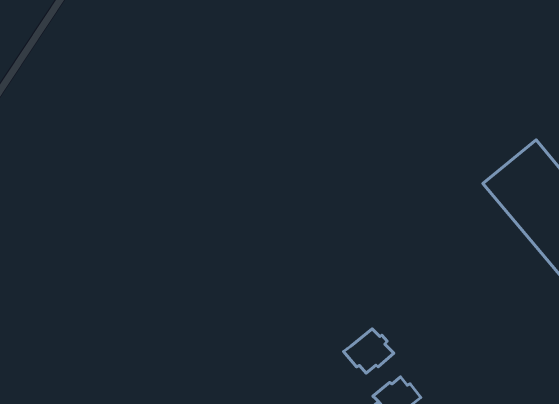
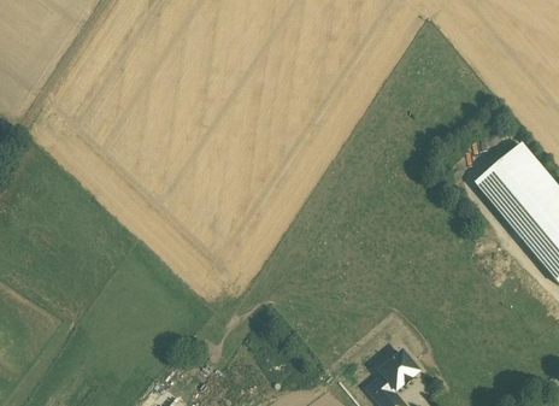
building: [344,329,394,373] -> none

